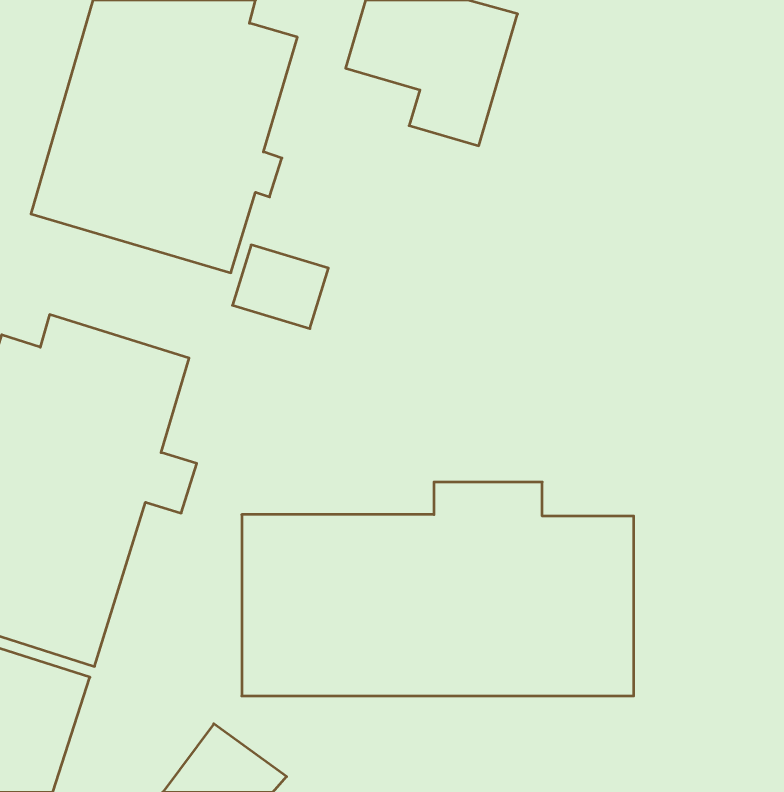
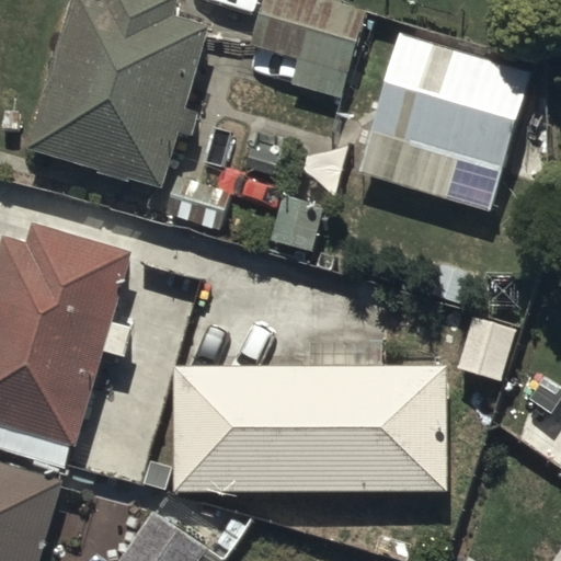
building: none -> [354,34,528,211]

